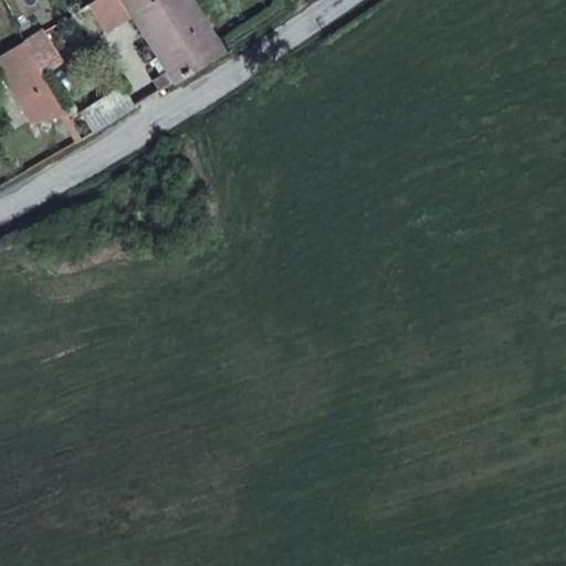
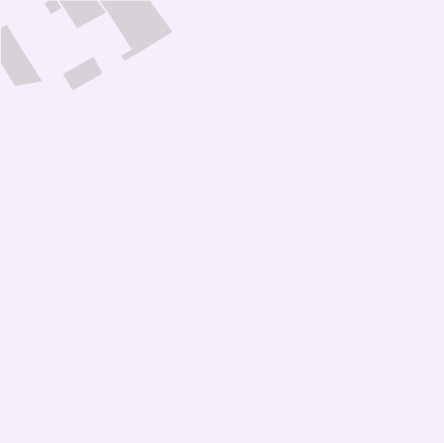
building: [19,21,66,72] -> none

